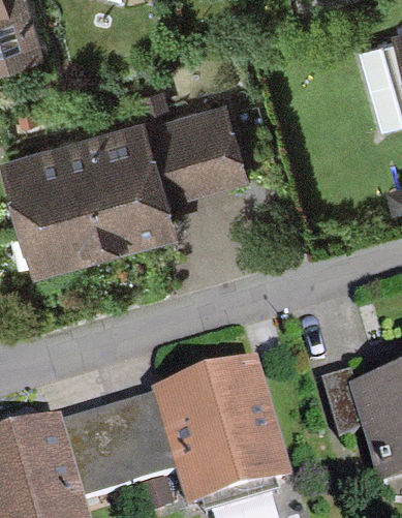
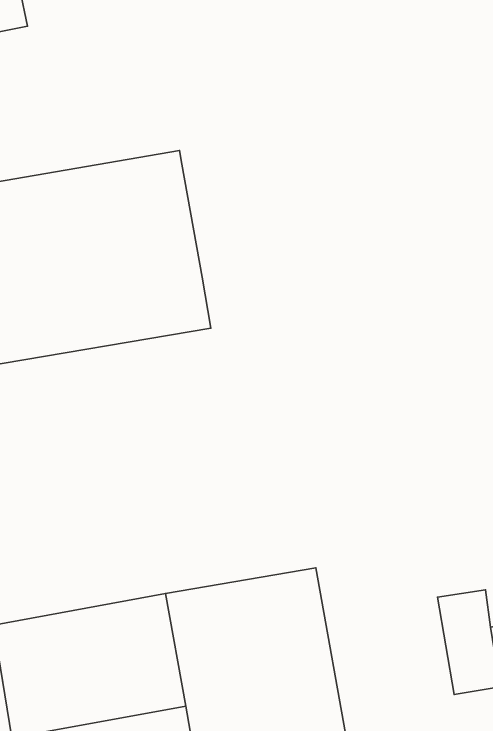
building: [144,106,242,196] -> none

